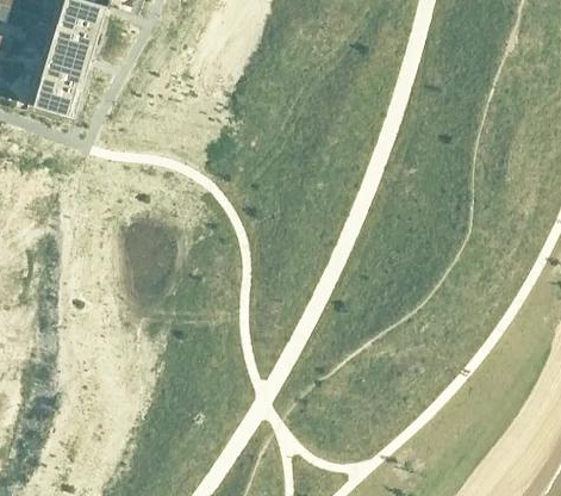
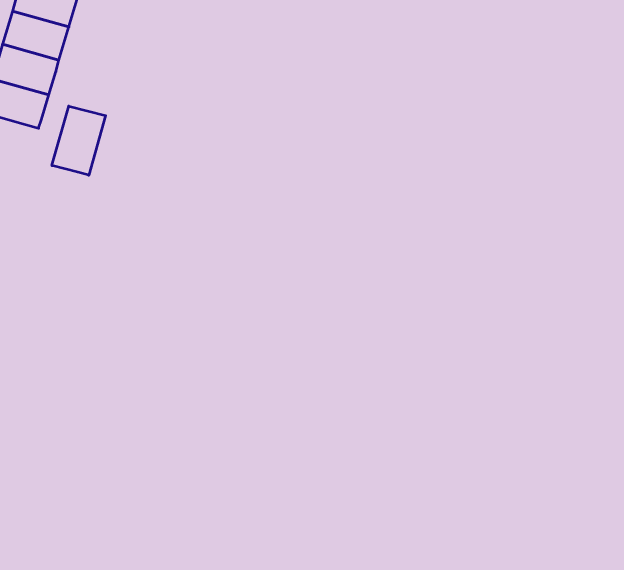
building: none -> [52,106,106,175]

